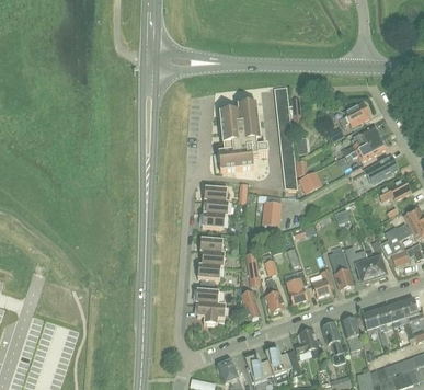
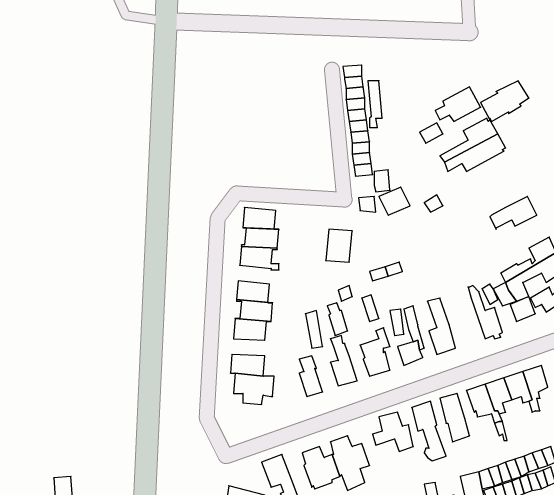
building: [218,102,268,171] -> none
building: [364,156,398,184] -> [481,81,529,121]
building: [346,246,374,283] -> none

